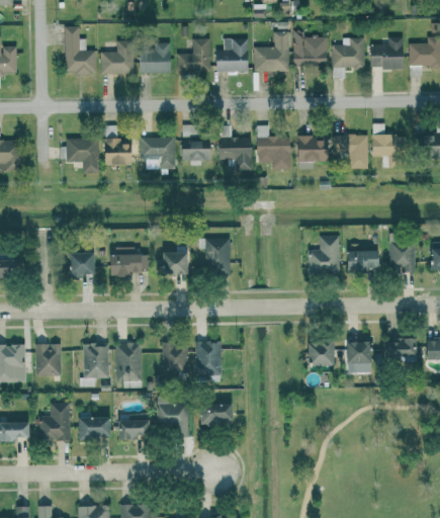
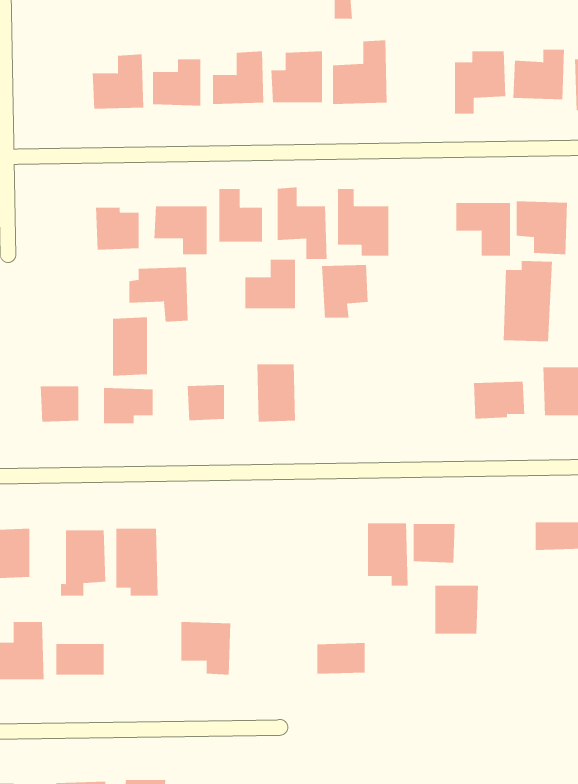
building: [65,27,95,74] -> none
building: [292,30,327,67] -> none
building: [295,136,326,170] -> [321,264,369,318]
building: [60,139,98,174] -> [128,267,189,322]
building: none -> [245,259,296,309]
building: none -> [503,260,553,342]
building: none -> [113,316,148,376]
building: [307,236,340,274] -> none
building: [162,342,189,372] -> none
building: [196,342,223,382] -> [367,523,408,586]
building: [346,342,374,373] -> [434,585,479,634]
building: [199,404,231,424] -> [316,643,365,674]
building: [116,417,148,440] -> none

